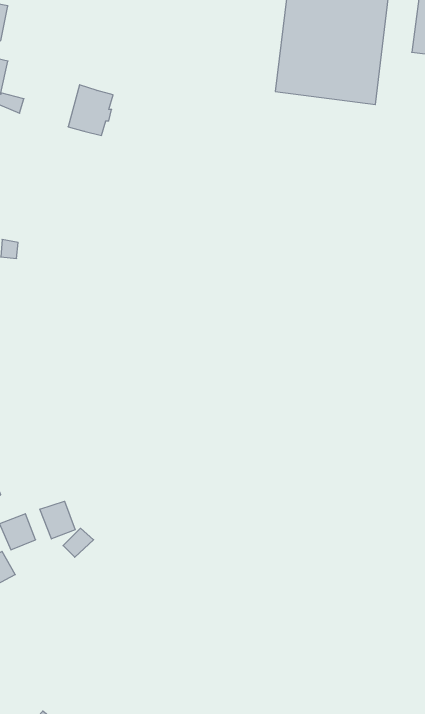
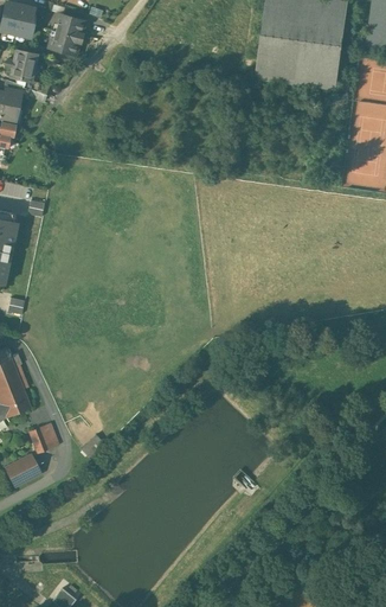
building: [68,85,113,135] -> [50,13,86,55]
building: [40,501,75,539] -> none

